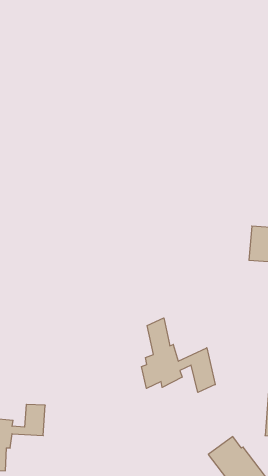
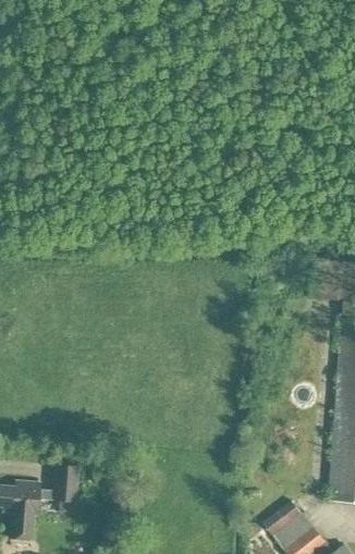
building: [141,318,215,392] -> none

